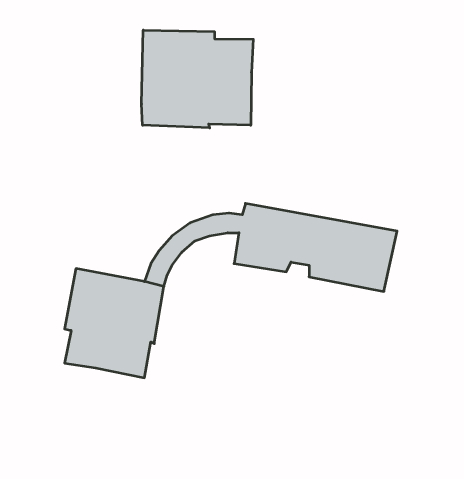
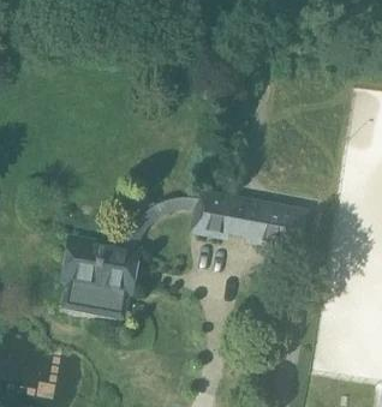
building: [142,30,253,128] -> none

